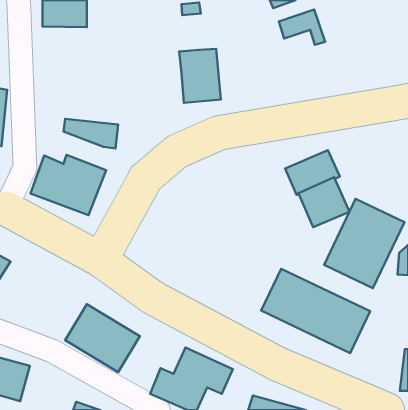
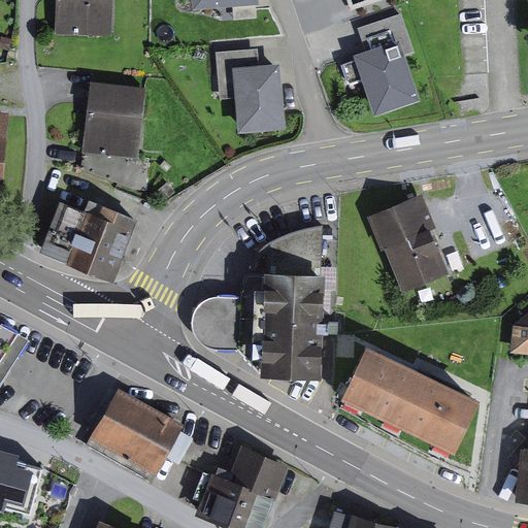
building: none -> [342,38,419,114]
building: none -> [216,48,256,95]
building: none -> [81,81,146,159]
building: none -> [189,225,325,381]
building: [324,199,404,288] -> none

